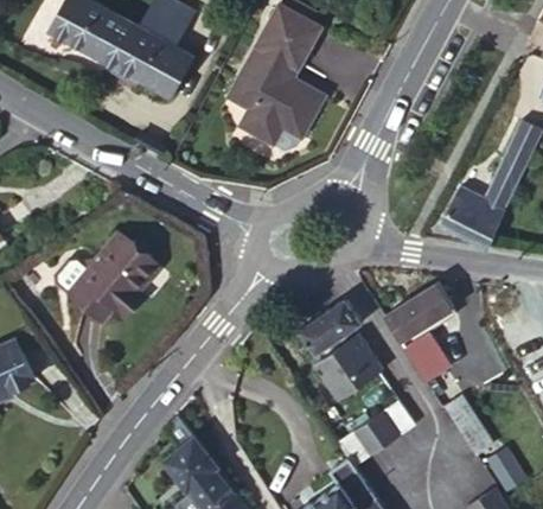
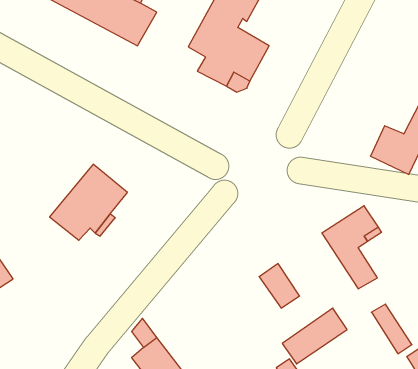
building: [298,299,360,355] -> none
building: [334,335,382,388] -> none

